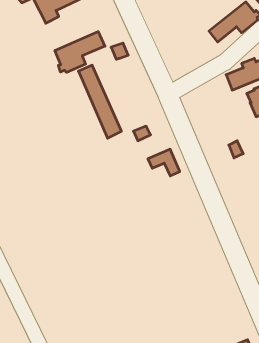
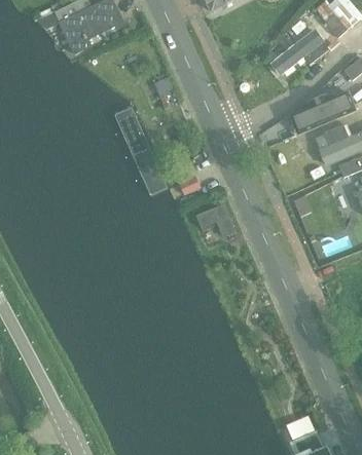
building: [55,32,105,72] -> none

